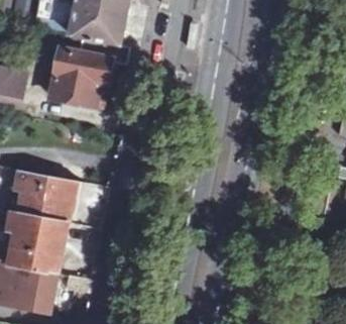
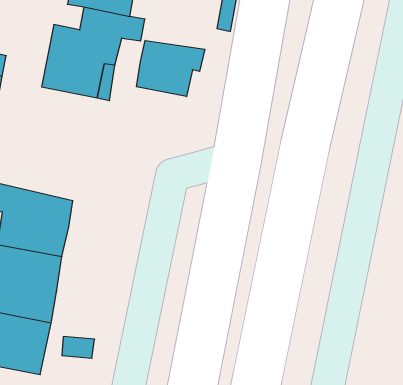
building: none -> [136,40,205,97]

